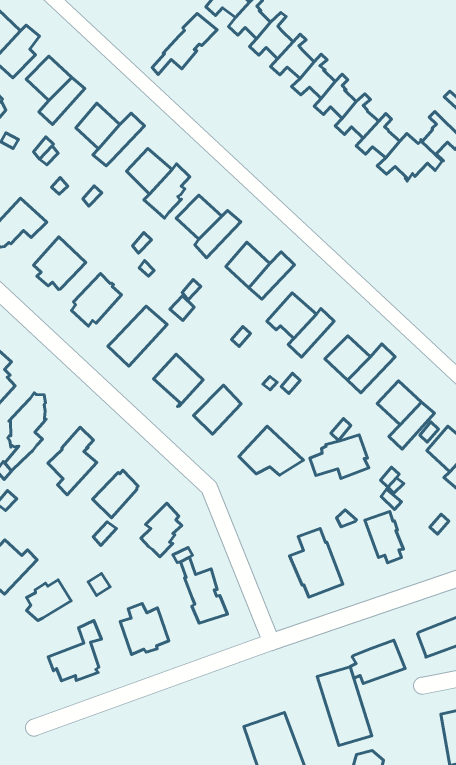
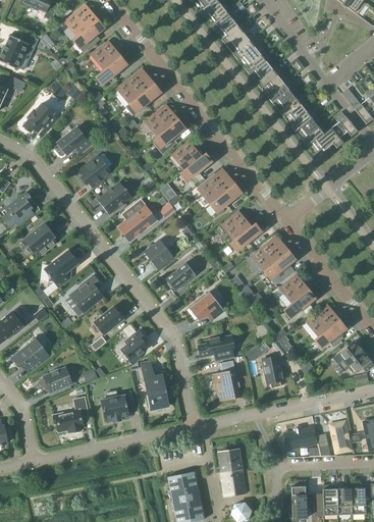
building: [152,13,217,74] -> none
building: [310,435,369,478] -> [199,334,234,360]
building: [350,640,405,683] -> none

